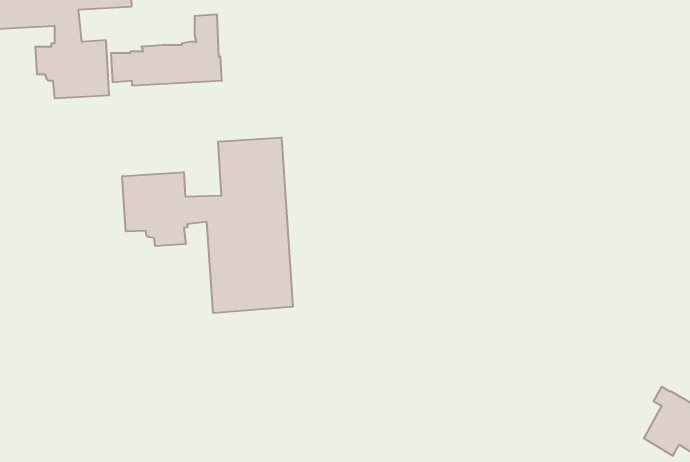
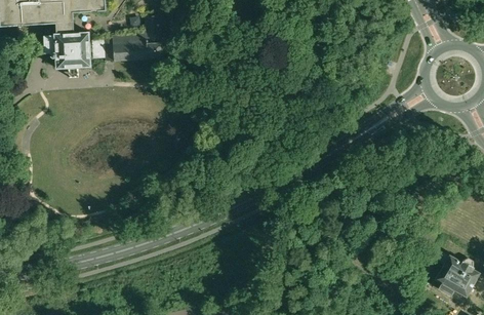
building: [122,137,293,313] -> none

